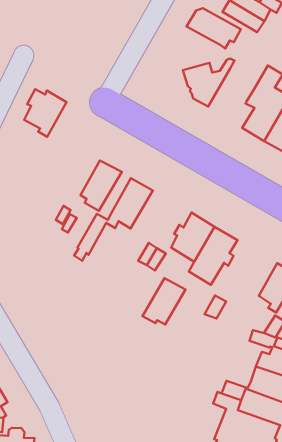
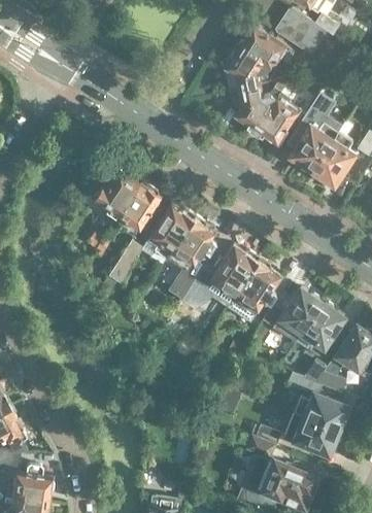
building: none -> [228,46,273,93]
building: none -> [257,94,307,143]
building: [24,89,67,137] -> [92,169,138,220]
building: none -> [273,289,322,344]
building: [143,278,186,325] -> [167,219,214,269]

